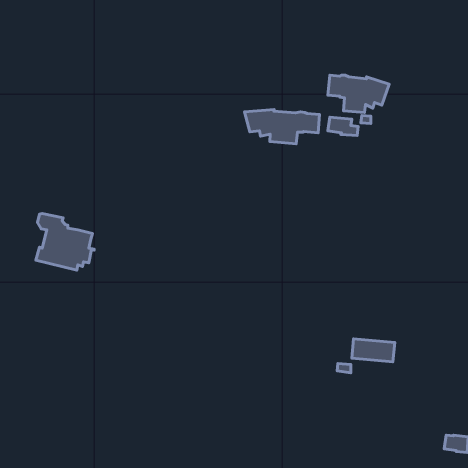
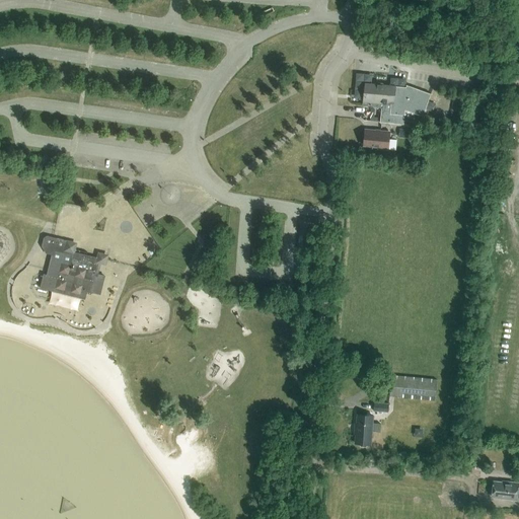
building: [245,110,320,144] -> none
building: none -> [355,415,380,444]

